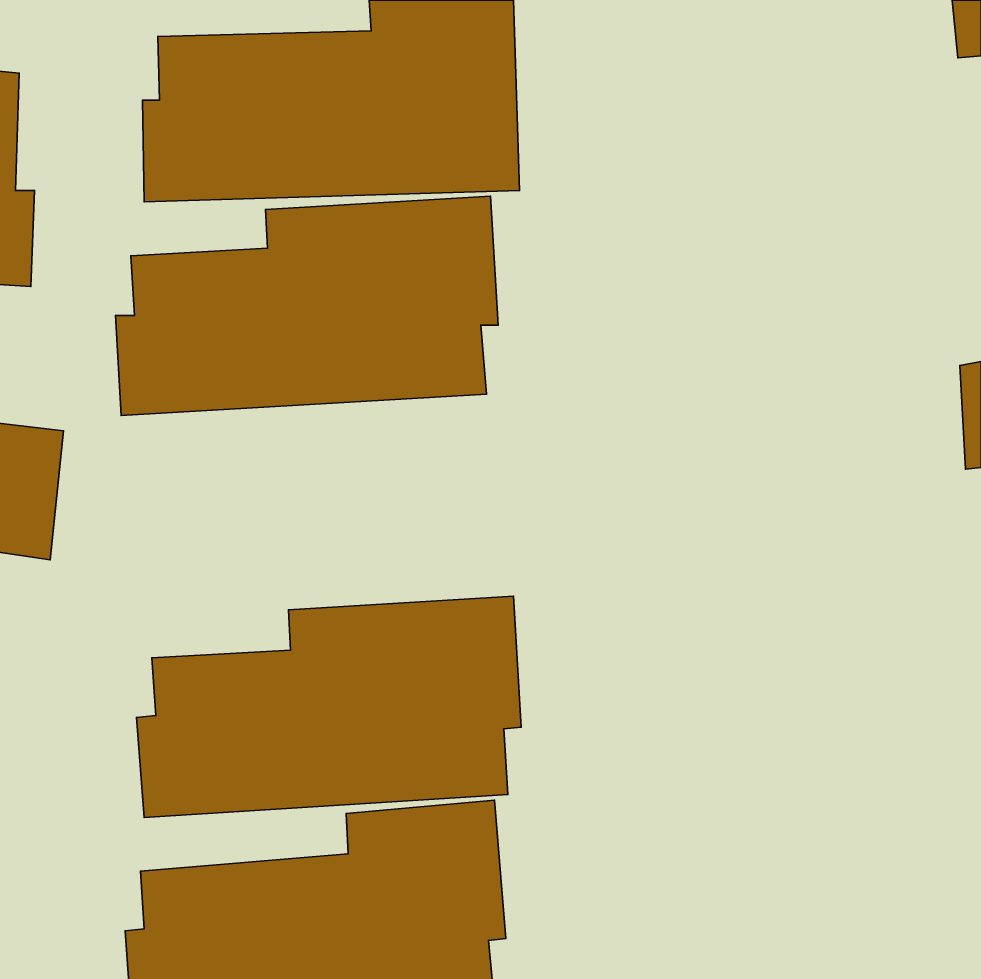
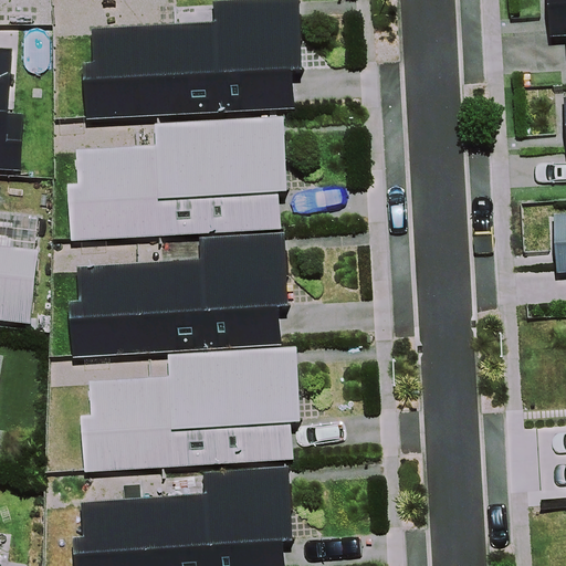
building: none -> [69,230,289,357]

